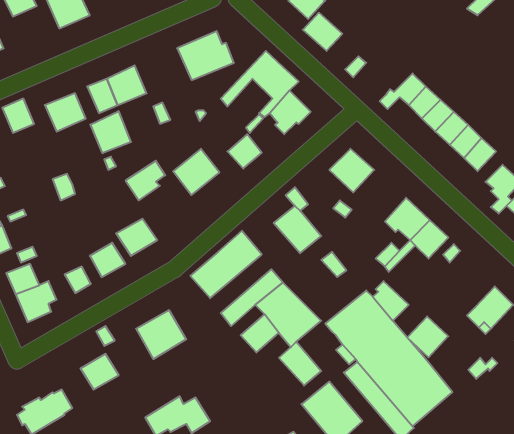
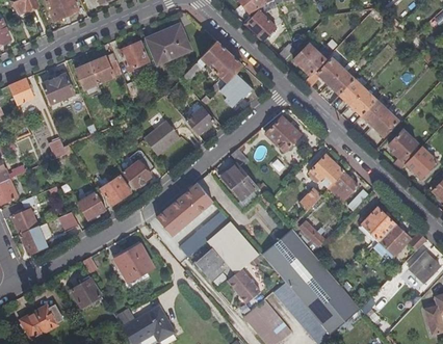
building: none -> [119,41,149,70]
building: none -> [293,43,330,75]
building: [90,111,131,153] -> none
building: [126,161,165,200] -> [124,155,155,186]
building: [407,316,448,357] -> [363,210,395,242]

